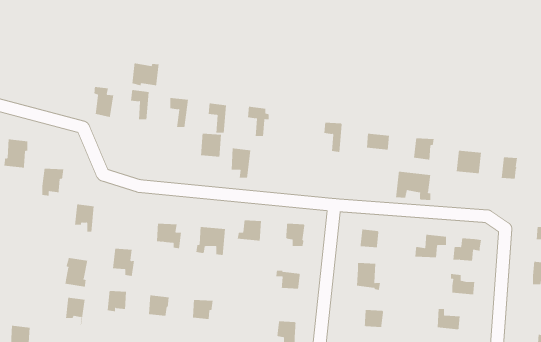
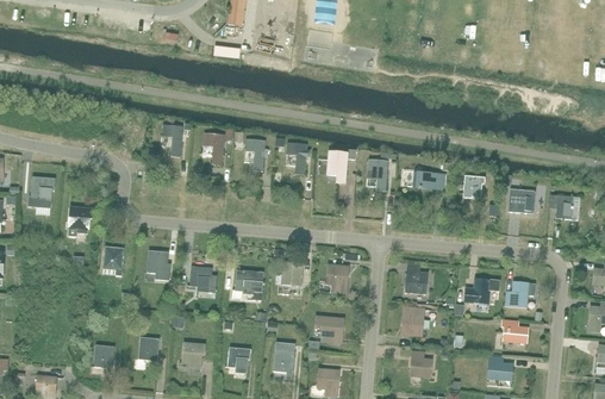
building: [132,62,159,86] -> none
building: [94,86,114,118] -> none
building: [200,133,221,157] -> none
building: [231,148,251,178] -> [326,150,348,182]
building: [396,171,431,201] -> none
building: [112,248,135,276] -> [146,250,170,280]
building: [65,257,88,287] -> none
building: none -> [273,342,294,372]

